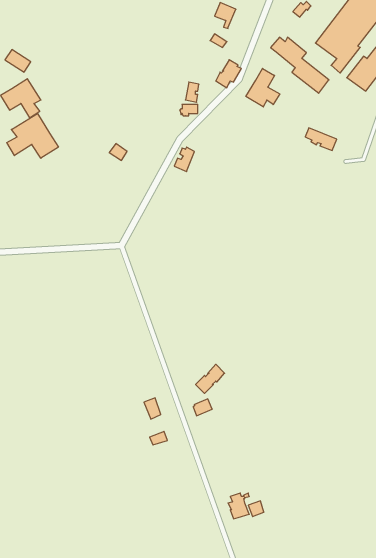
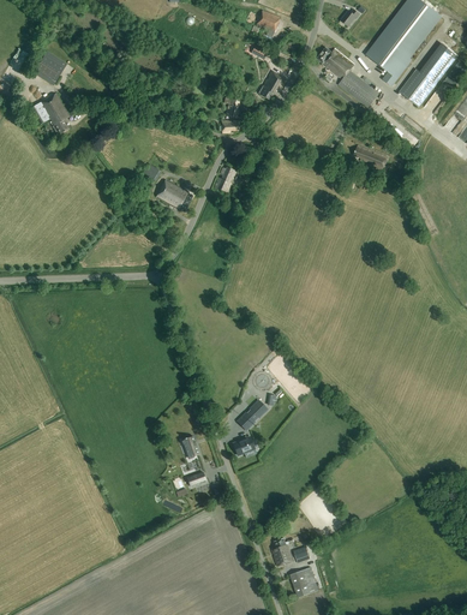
building: [246,68,280,107] -> none
building: [7,113,58,158] -> none
building: none -> [156,180,193,213]
building: none -> [291,566,318,596]

